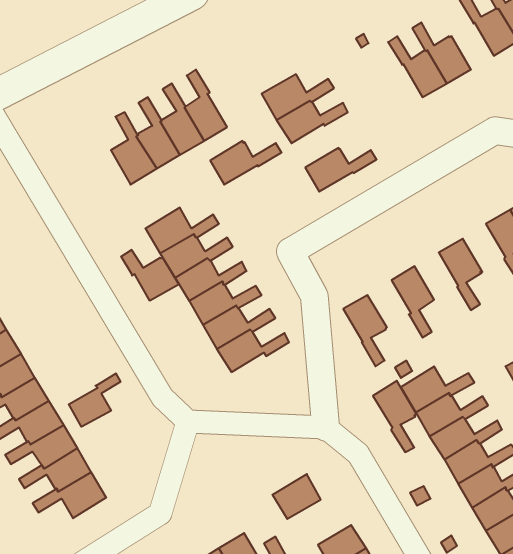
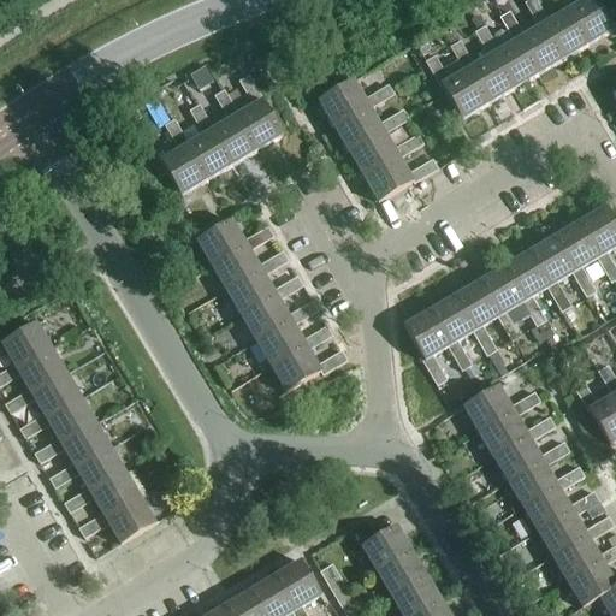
building: none -> [499,10,561,73]
building: none -> [425,53,486,117]
building: [210,141,282,185] -> [349,130,424,176]
building: none -> [528,235,573,310]
building: [121,250,179,301] -> none
building: none -> [478,265,523,339]
building: [69,373,120,427] -> none
building: [373,381,417,452] -> [428,294,474,368]
building: [272,474,321,519] -> [361,523,411,570]

